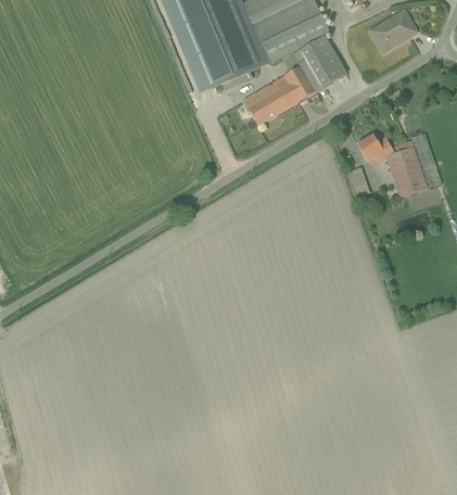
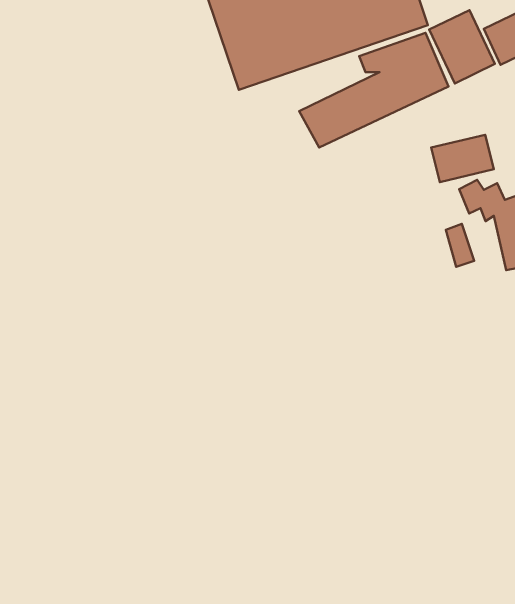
building: none -> [429,10,495,83]
building: none -> [431,135,494,182]

